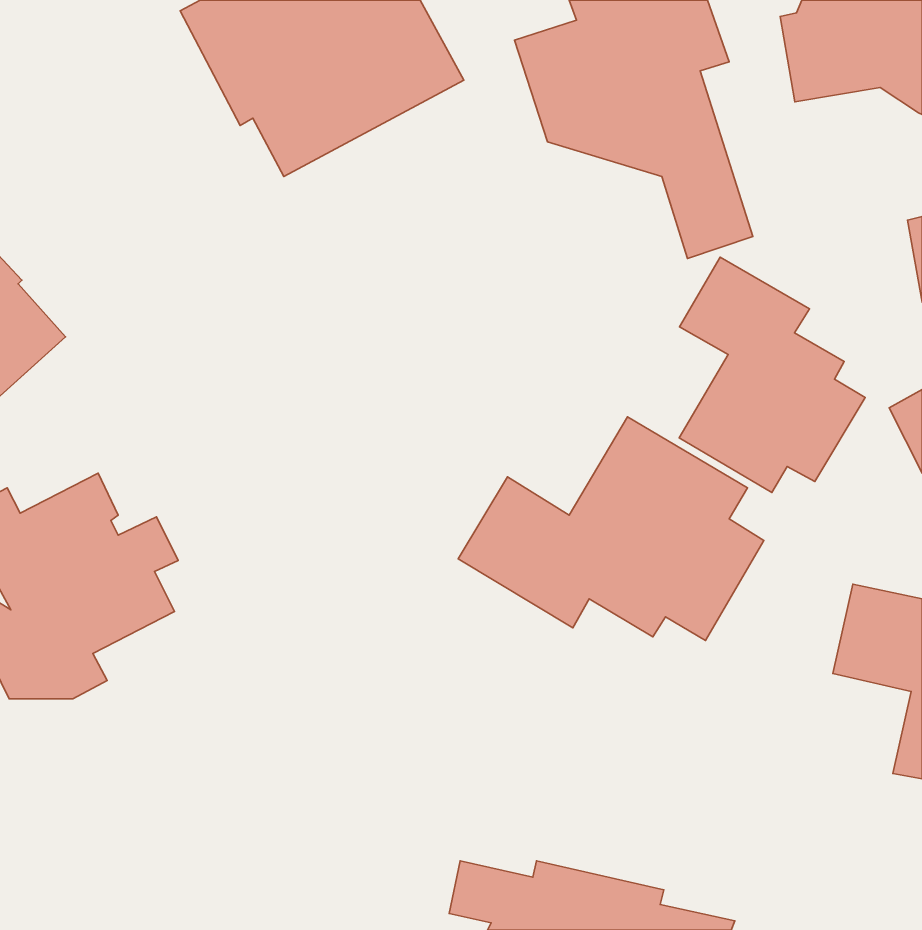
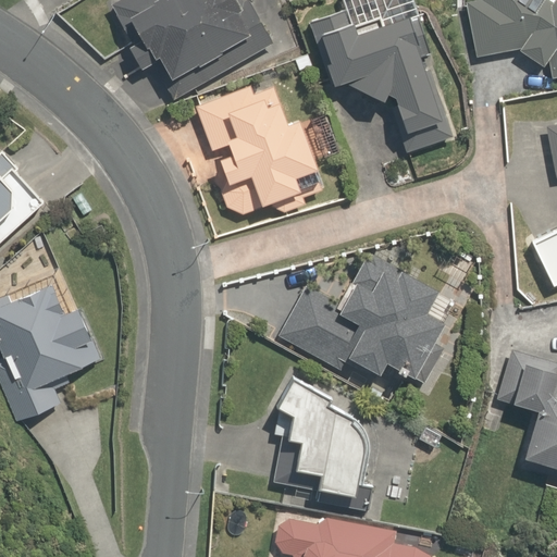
building: none -> [188,72,330,223]
building: [679,257,865,493] -> none
building: none -> [269,372,377,513]

